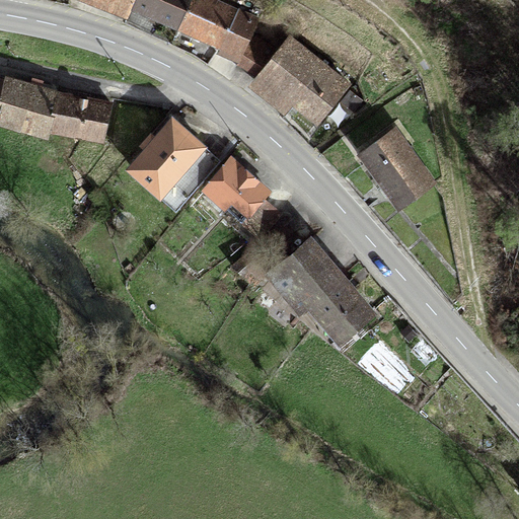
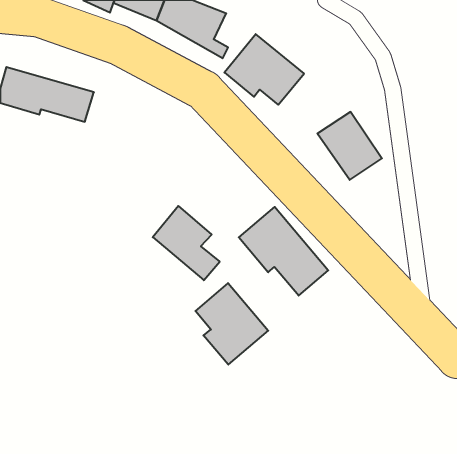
building: [129,121,201,194] -> none
building: [204,155,280,239] -> [153,206,220,280]
building: none -> [195,283,268,365]

